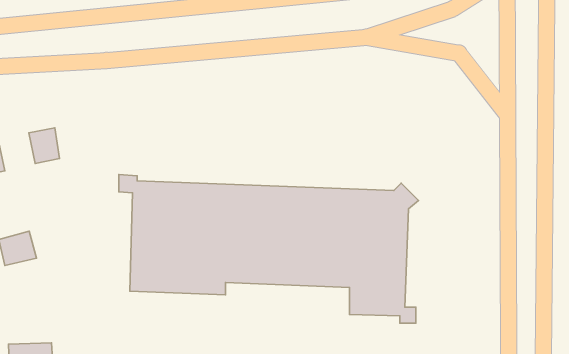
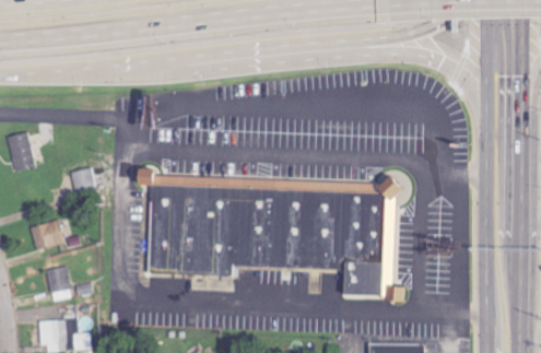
building: [29,128,60,163] -> [70,167,97,199]
building: none -> [48,267,71,301]

